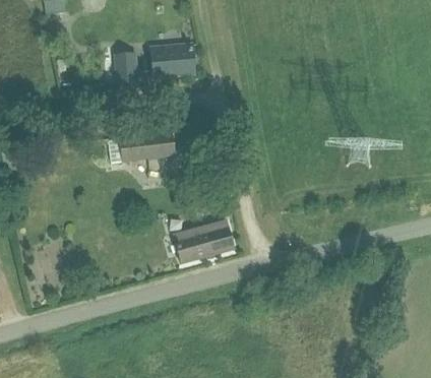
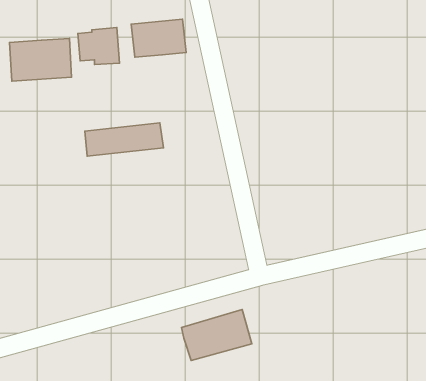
building: none -> [10,38,71,81]
building: [174,218,234,262] -> [181,310,252,361]

